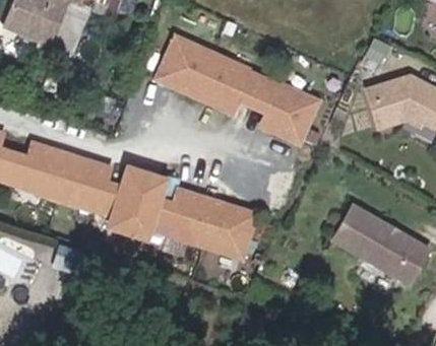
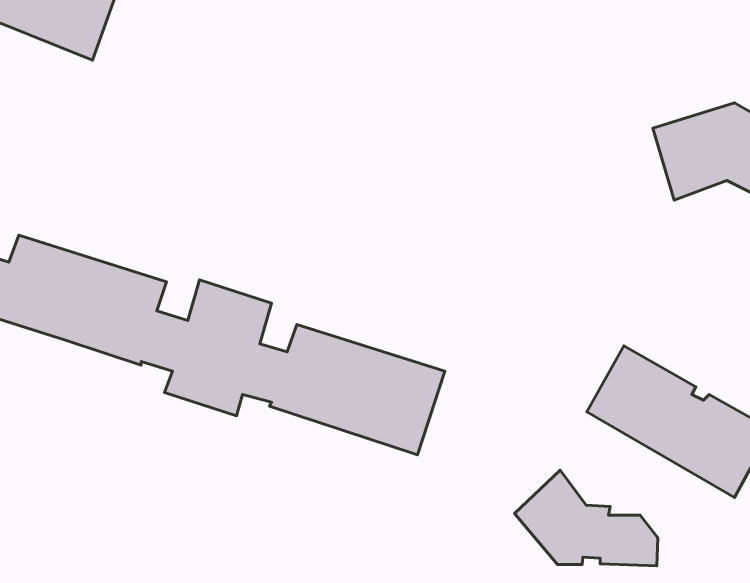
building: [157,38,318,142] -> none
building: none -> [515,470,658,566]

